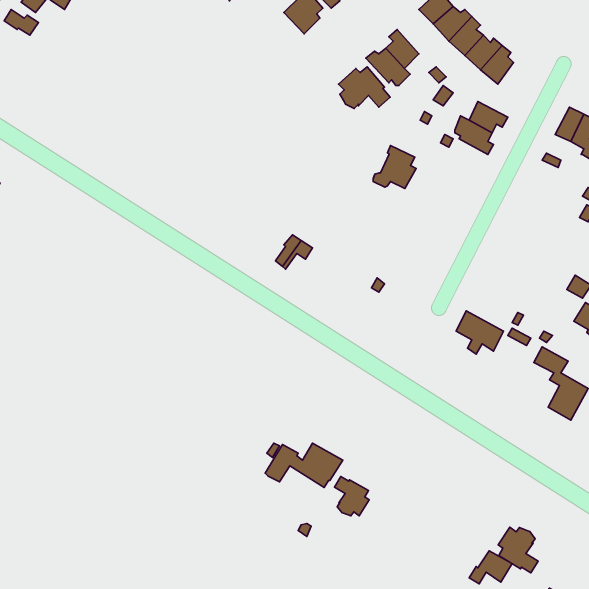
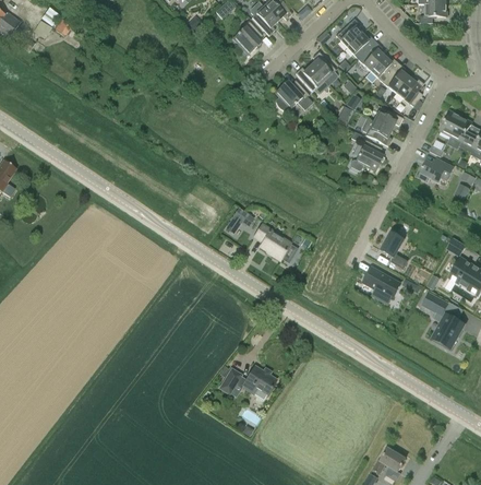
building: none -> [395,76,423,106]
building: [373,146,416,189] -> [350,139,383,171]
building: none -> [418,158,453,182]
building: none -> [255,224,290,259]
building: none -> [380,233,407,270]
building: [334,477,369,516] -> none
building: [498,527,538,573] -> none

